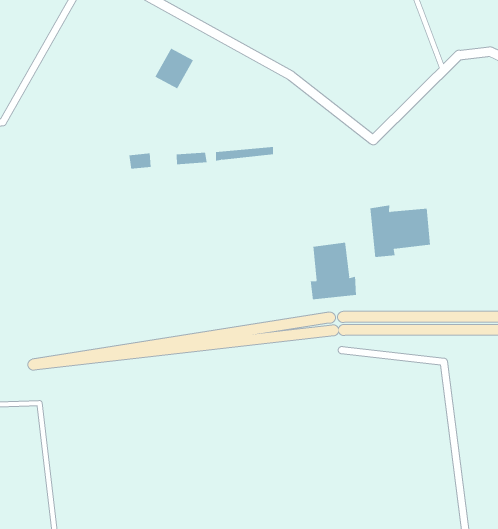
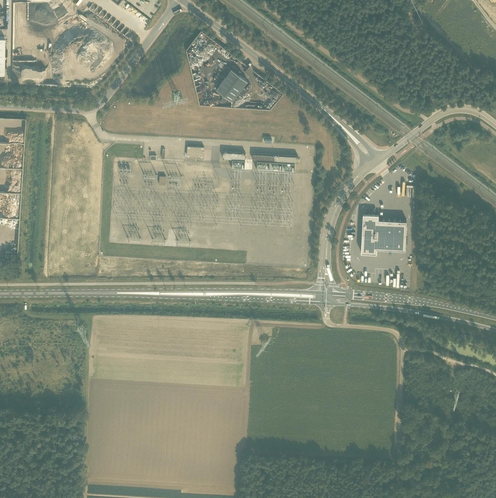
building: [310,242,357,300] -> none

